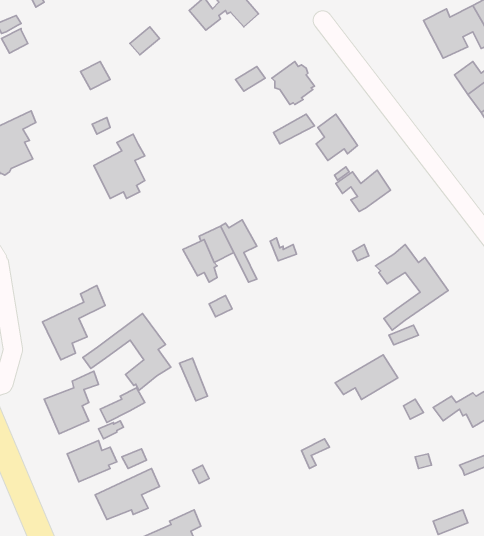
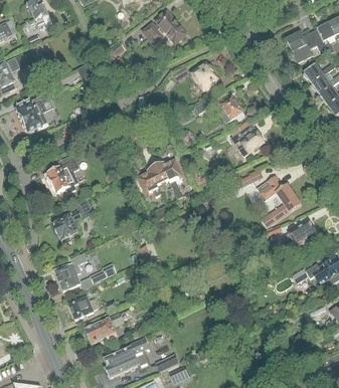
building: [94,134,145,199] -> [47,154,78,193]
building: [83,313,171,390] -> none
building: [335,355,398,399] -> [279,220,317,247]

